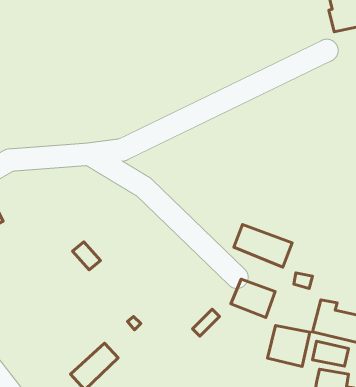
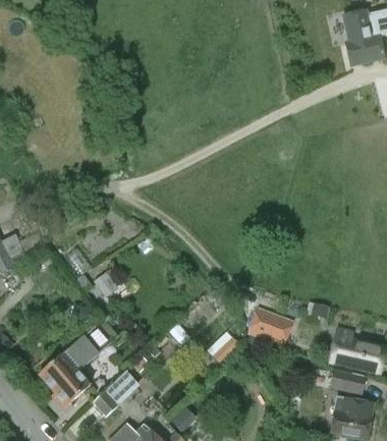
building: [234,224,292,267] -> none
building: none -> [37,319,117,409]
building: [268,325,310,366] -> none

